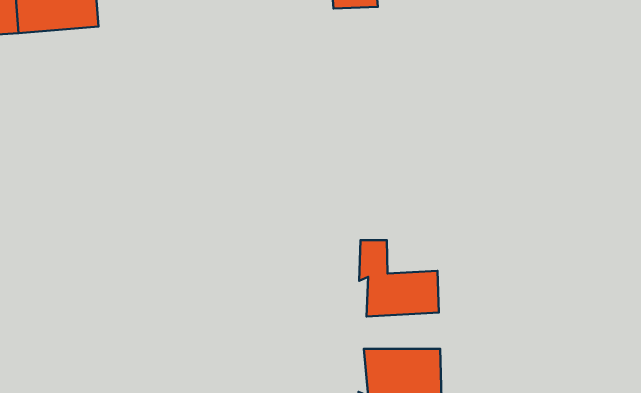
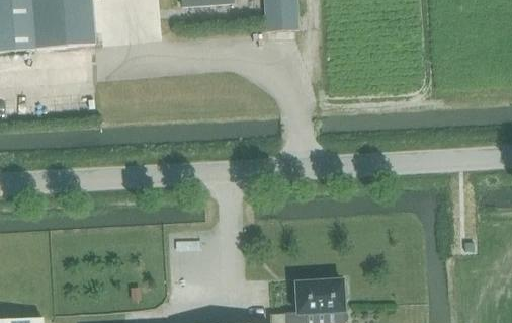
building: [359,240,439,316] -> none

